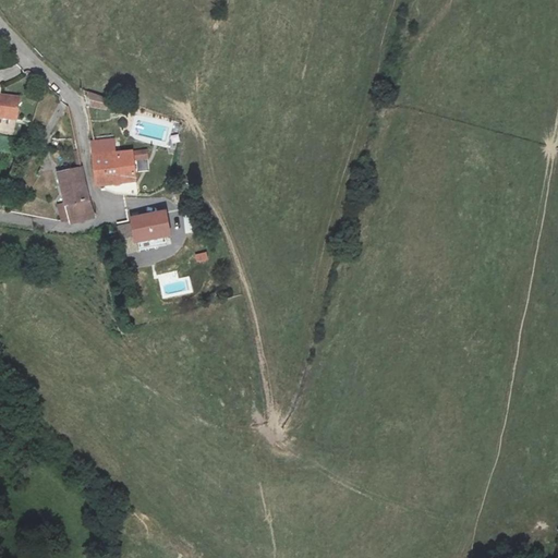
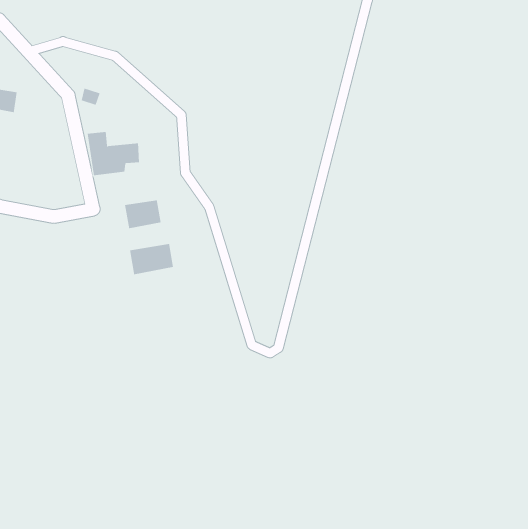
building: [57,168,92,221] -> none
building: none -> [129,243,173,275]

